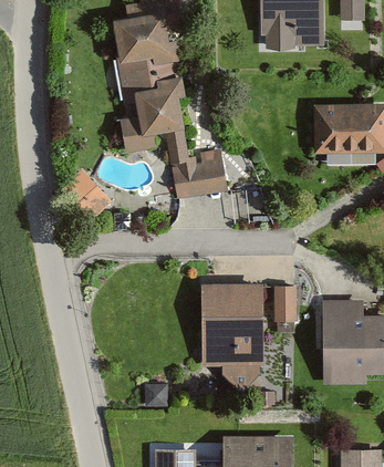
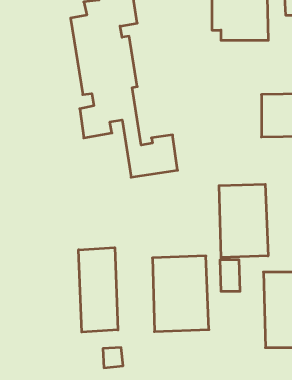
building: none -> [219,184,268,257]
building: none -> [79,248,118,332]

